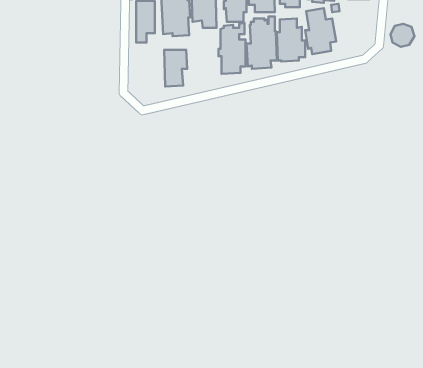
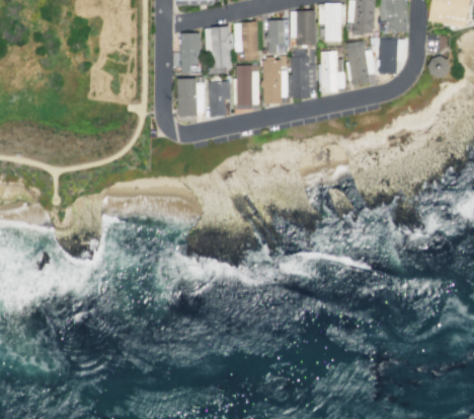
building: none -> [379,39,405,74]
building: none -> [232,65,258,107]
building: none -> [176,76,205,117]

